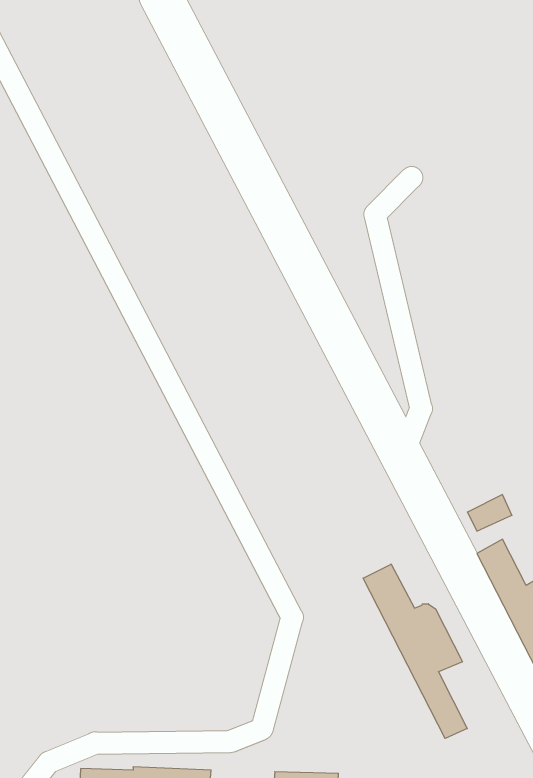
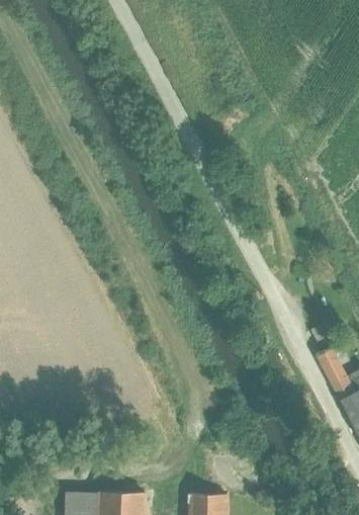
building: [363,564,467,738] -> none

